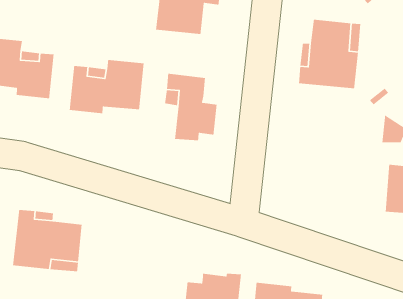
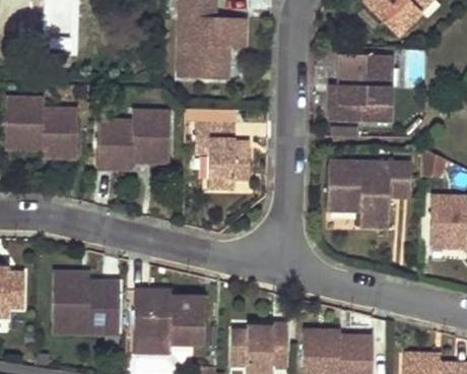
building: none -> [327,162,411,226]
building: none -> [133,290,204,348]

